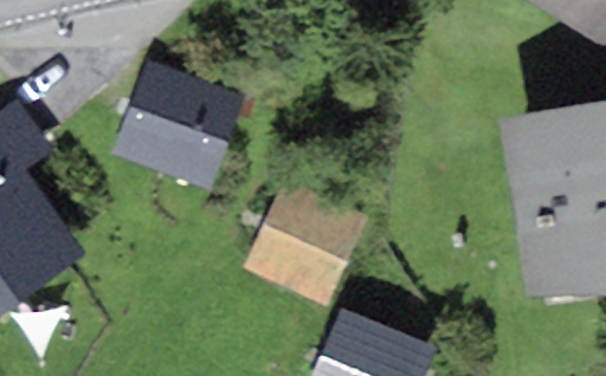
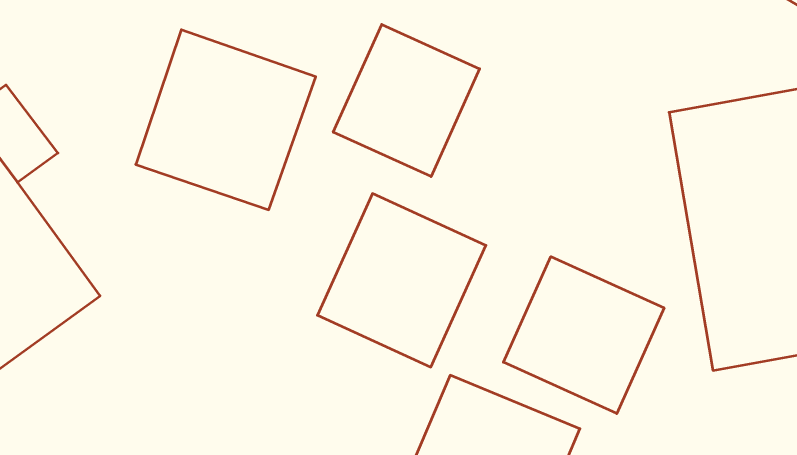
building: none -> [333,24,480,177]
building: none -> [503,257,664,414]

